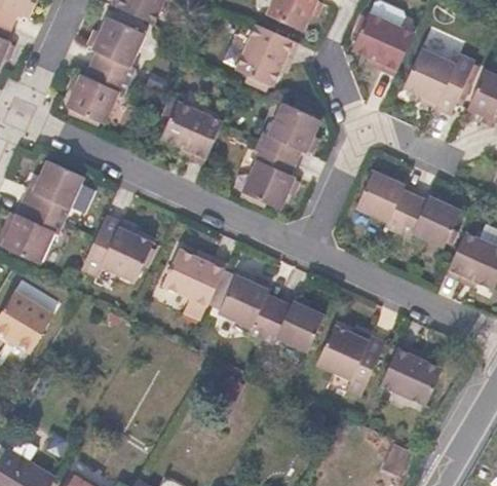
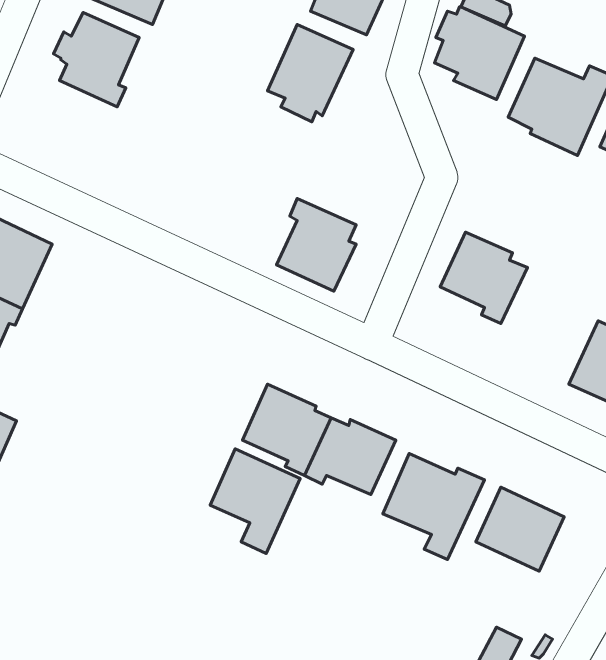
building: [65,63,130,124] -> none
building: [158,100,223,164] -> none
building: [256,102,321,163] -> none
building: [397,193,461,248] -> none
building: [81,214,154,283] -> none
building: [161,247,224,320] -> [210,449,300,554]

